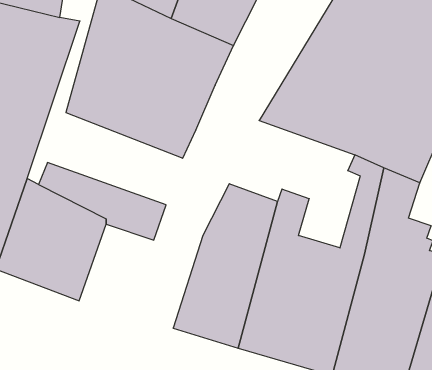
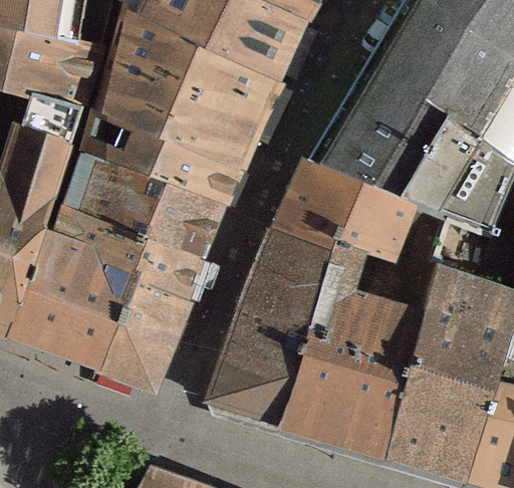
building: none -> [64,155,219,260]
building: none -> [272,164,416,262]
building: none -> [100,282,186,388]

